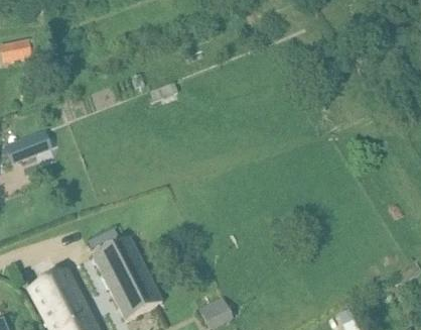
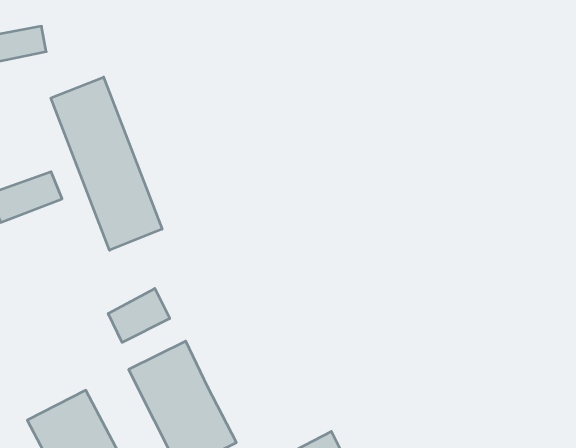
building: none -> [51,77,162,250]
building: none -> [108,288,170,342]

